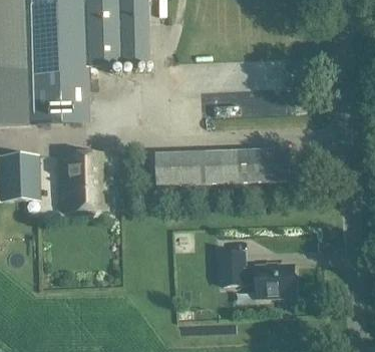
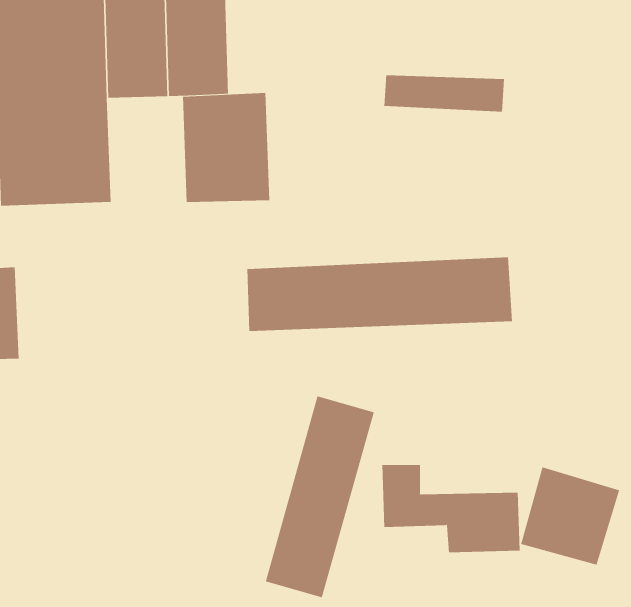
building: [61,151,106,208] -> [182,93,270,202]
building: none -> [265,396,374,598]
building: none -> [520,466,620,566]

